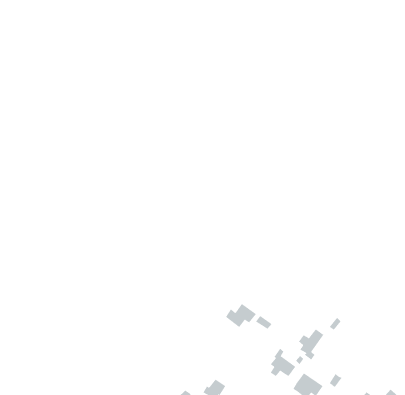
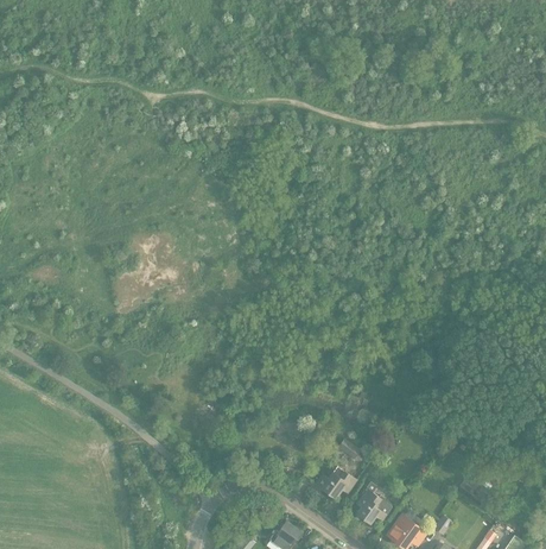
building: [225,303,257,328] -> [316,467,357,499]
building: [298,328,324,361] -> none

